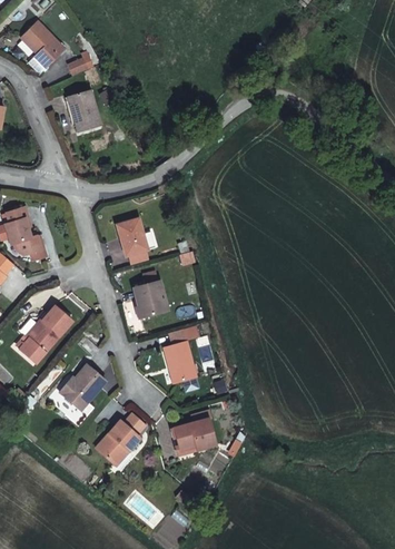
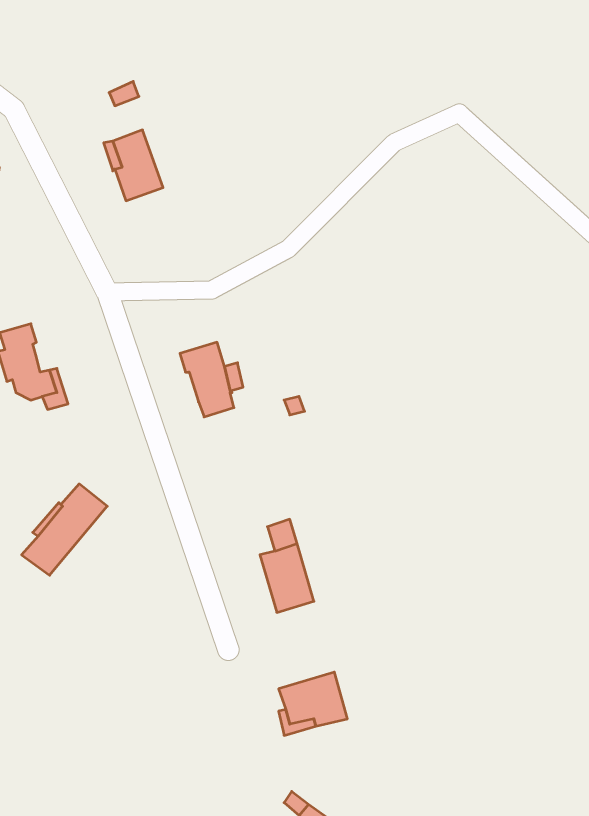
building: [24,27,66,71] -> none
building: [130,278,165,315] -> none
building: [60,362,105,408] -> none
building: [97,418,139,460] -> none

